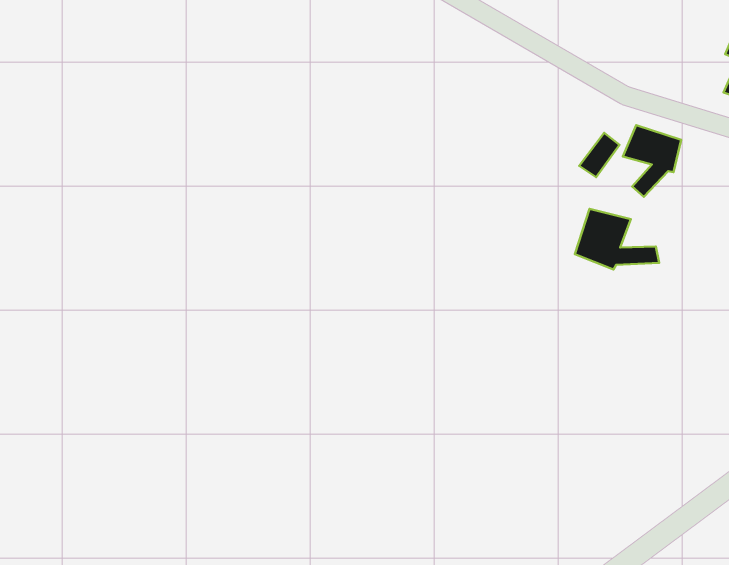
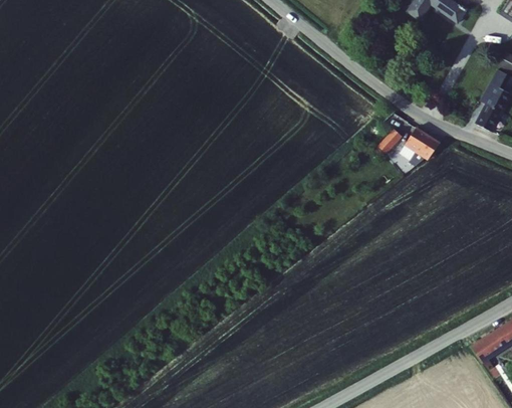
building: [575,209,659,270] -> none

